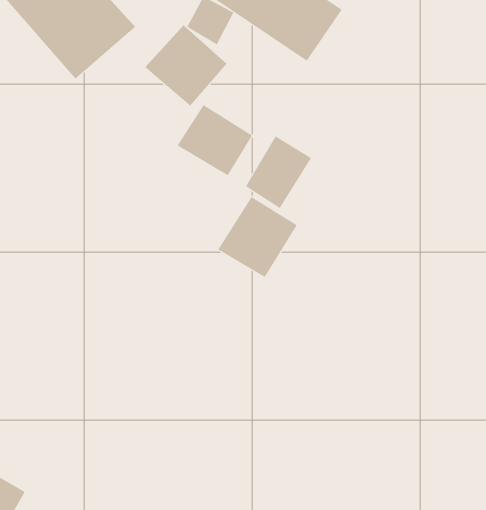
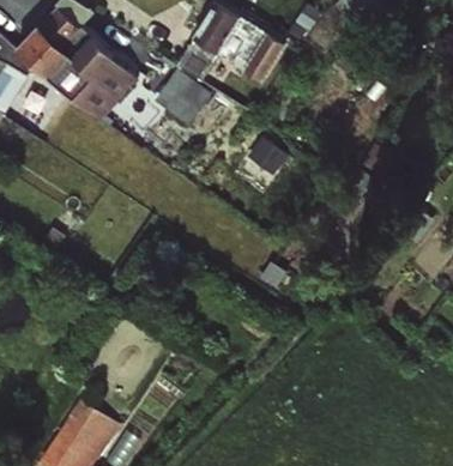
building: [177,104,253,176] -> none
building: [218,196,298,278] -> none

